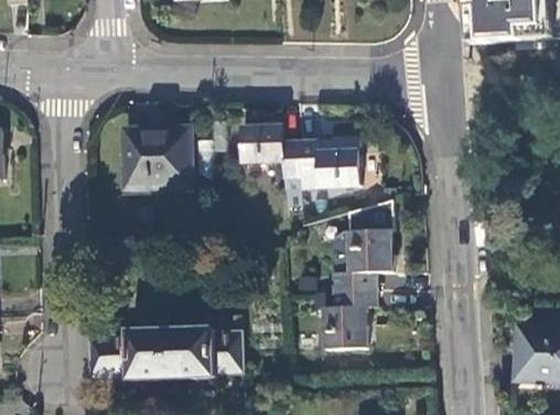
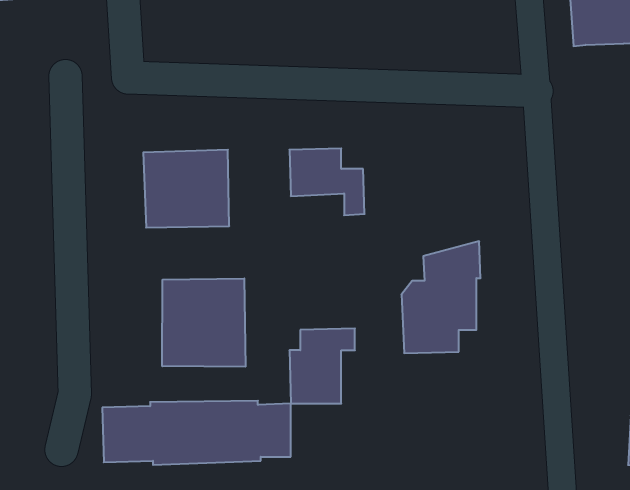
building: [300,136,360,188] -> none
building: none -> [162,278,245,367]
building: [324,288,377,349] -> [289,328,355,404]

